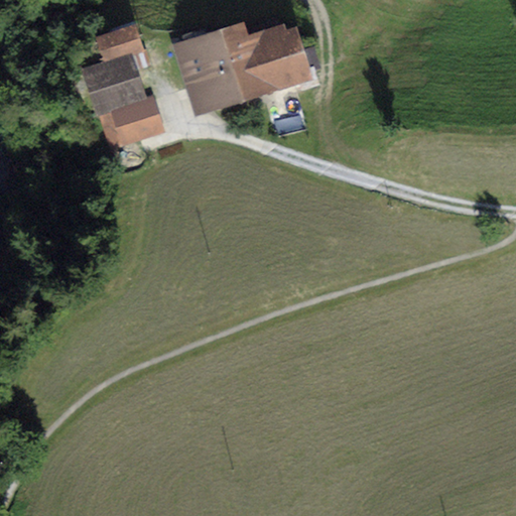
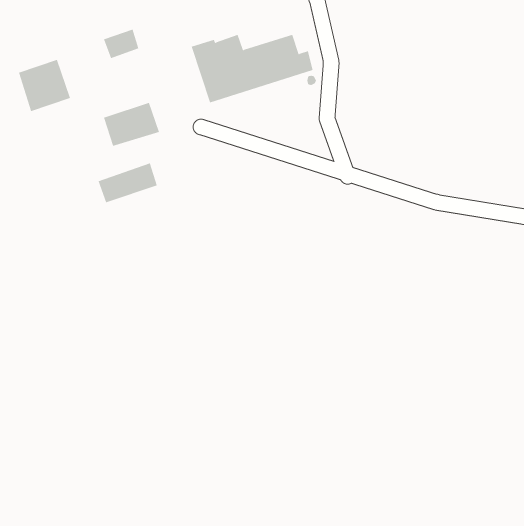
building: [88,57,139,109] -> [18,59,71,112]
building: none -> [98,163,157,203]

